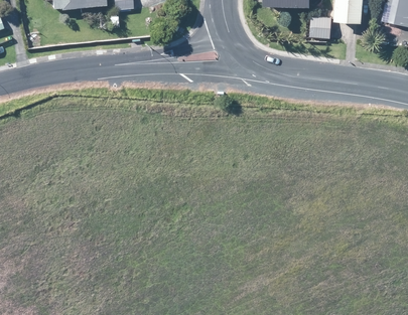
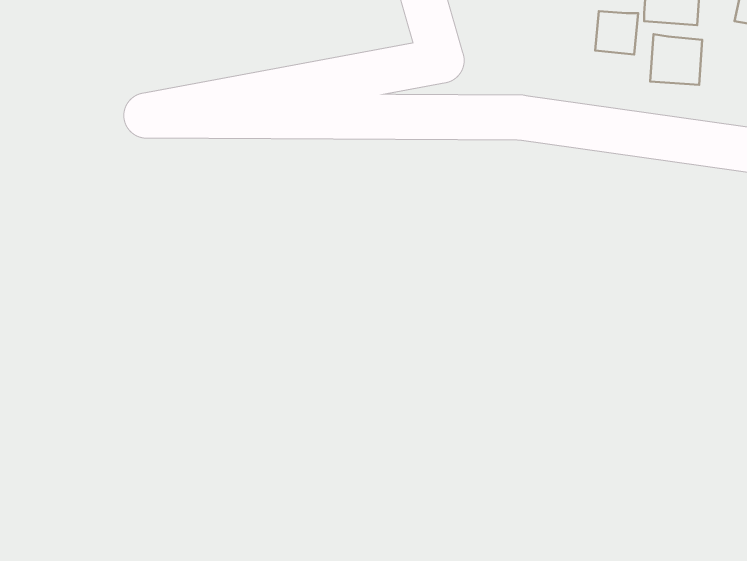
building: none -> [650,34,702,85]

